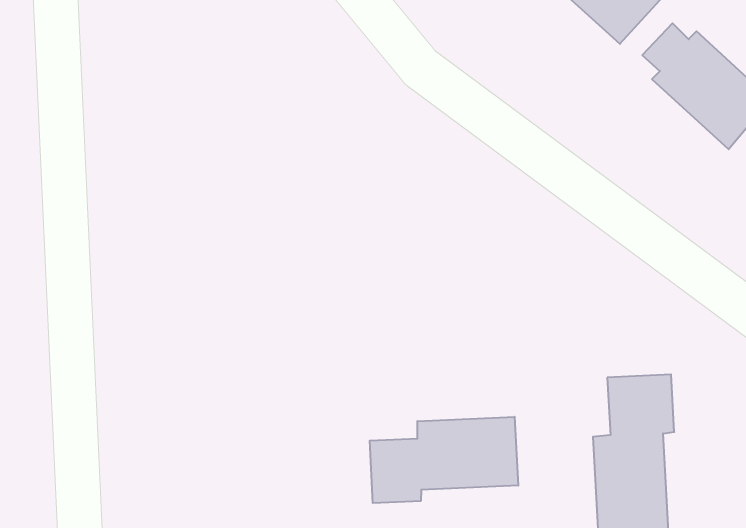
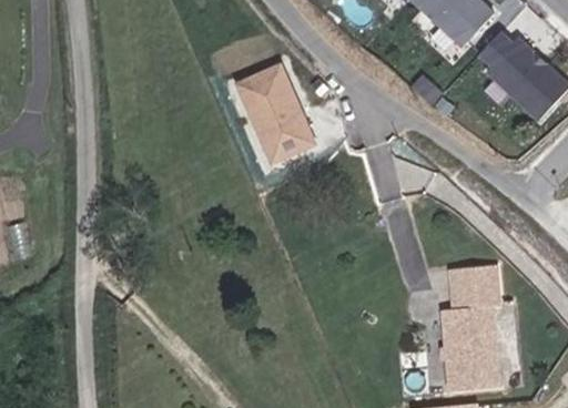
building: none -> [237,69,313,164]
building: [370,417,518,503] -> none

